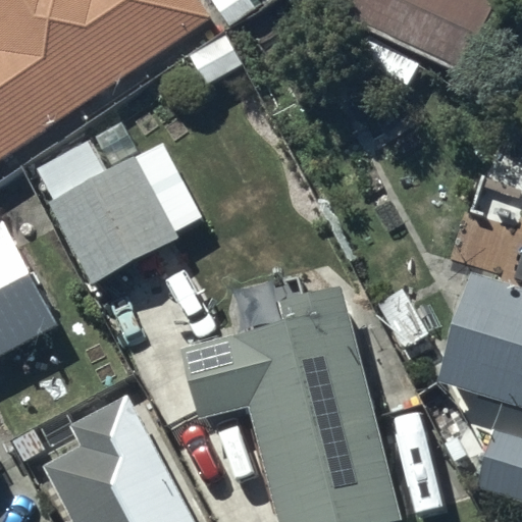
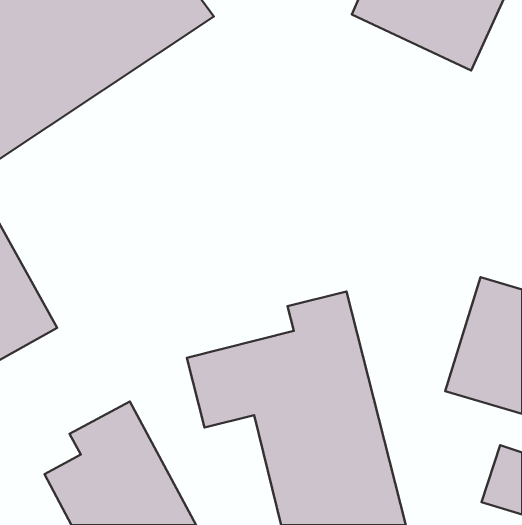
building: [34,137,184,286] -> none

